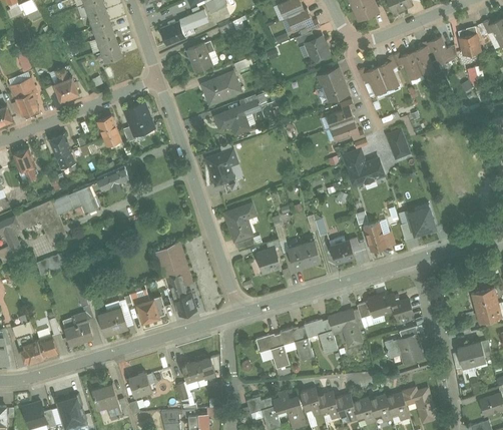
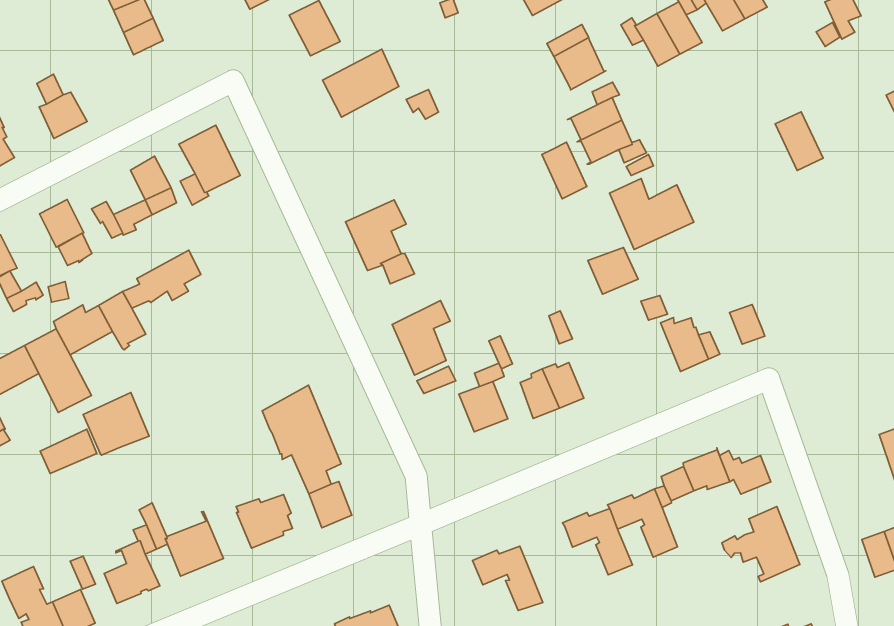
building: [214,106,248,134] -> none
building: none -> [542,142,587,199]
building: [386,128,409,158] -> [775,112,823,170]
building: [409,204,437,234] -> none
building: none -> [83,392,149,455]
building: [330,240,355,263] -> [588,247,638,294]
building: [280,326,314,360] -> none

